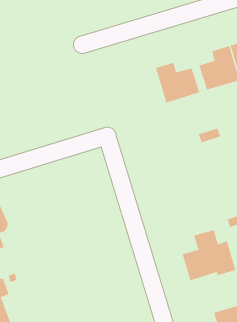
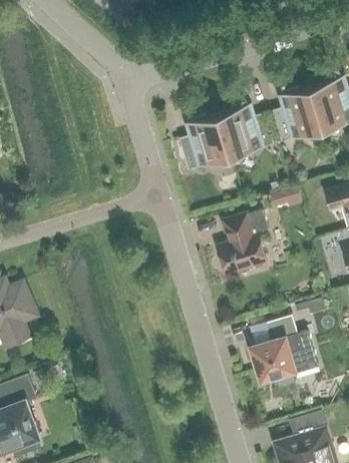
building: none -> [179,112,231,168]
building: none -> [217,208,269,274]

